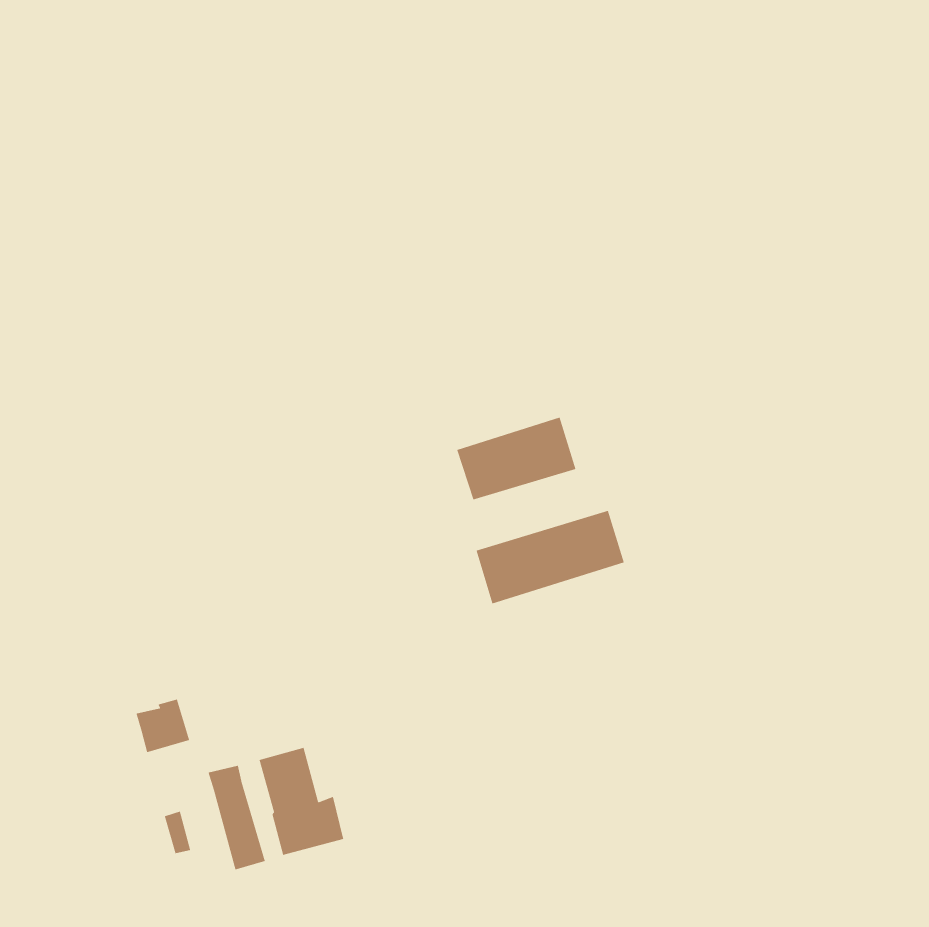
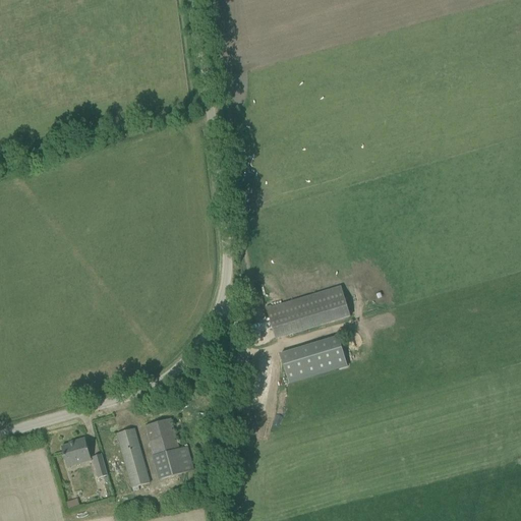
building: [456,417,577,500] -> [279,335,346,382]
building: [135,699,190,753] -> [60,437,91,467]

